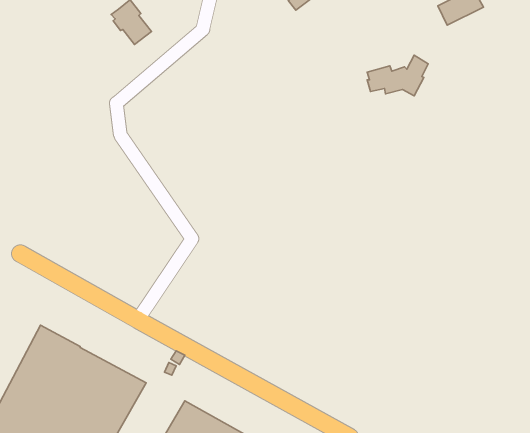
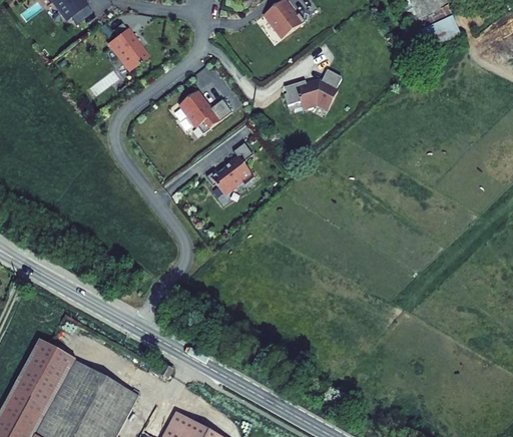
building: [367,55,428,96] -> [285,71,342,109]
building: none -> [181,92,233,134]
building: none -> [207,143,255,194]

